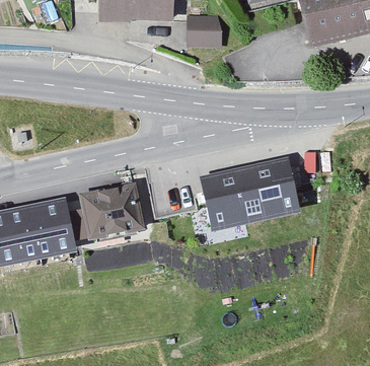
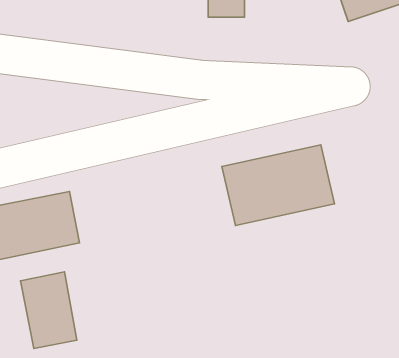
building: [80,179,146,236] -> none
building: none -> [20,272,77,348]

